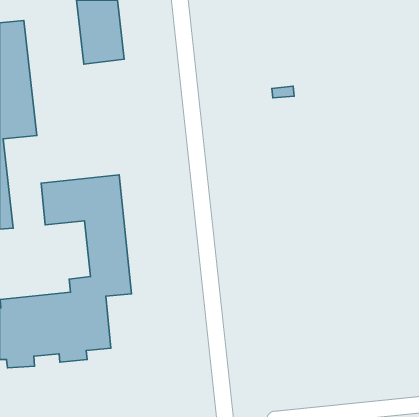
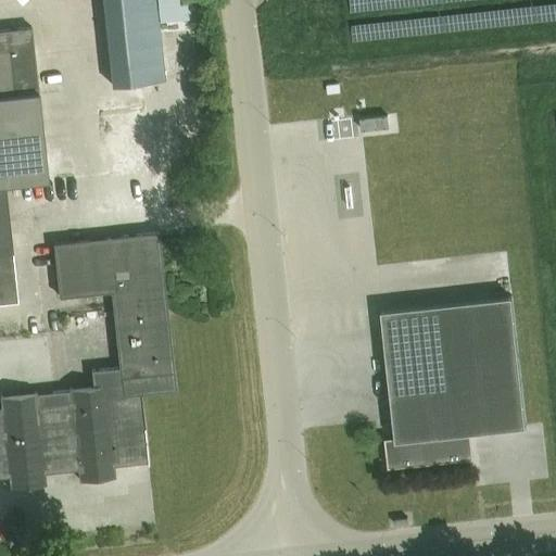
building: none -> [381,299,526,468]

